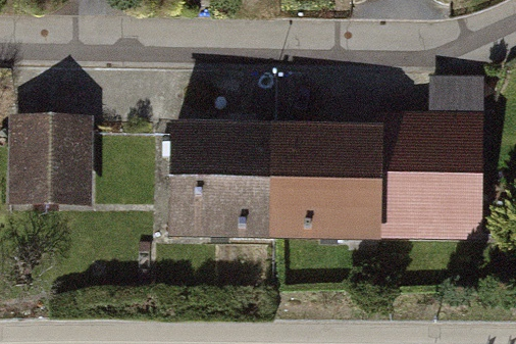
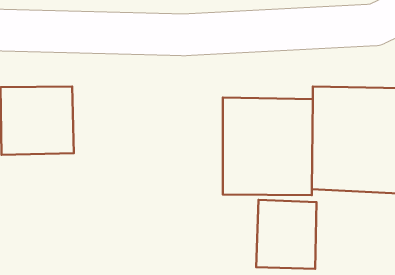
building: [169,120,272,239] -> none
building: none -> [256,200,317,269]

